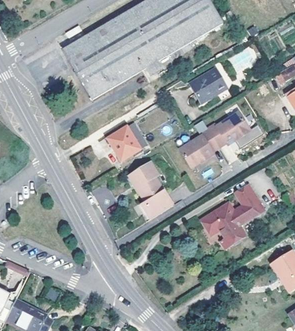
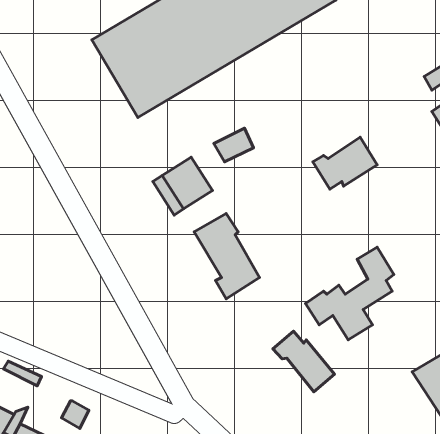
building: [189,67,226,101] -> none
building: [180,128,218,167] -> none
building: none -> [273,331,335,392]

